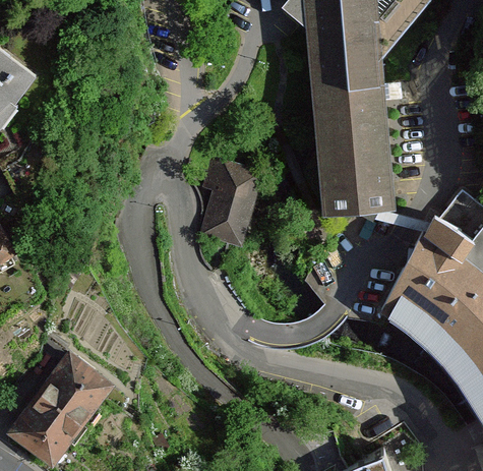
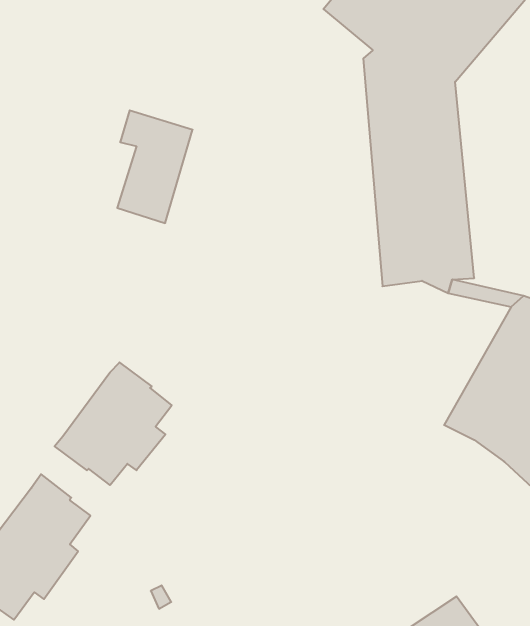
building: [203,160,259,243] -> [117,110,193,223]
building: none -> [55,362,172,485]

